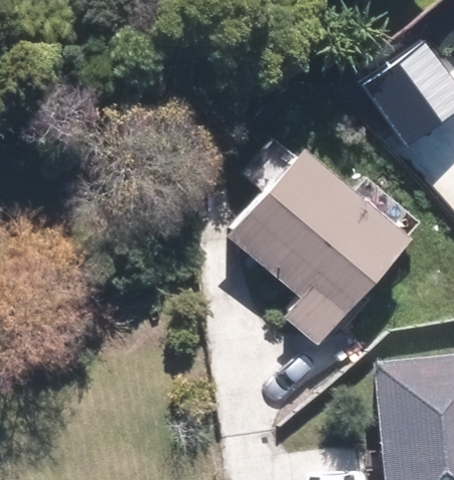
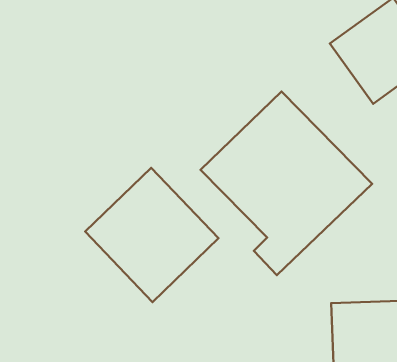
building: none -> [85,168,219,302]

